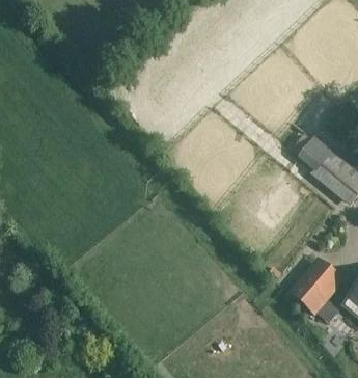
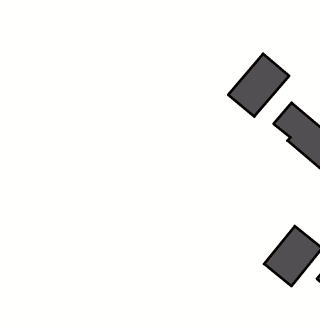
building: none -> [228,54,289,117]

